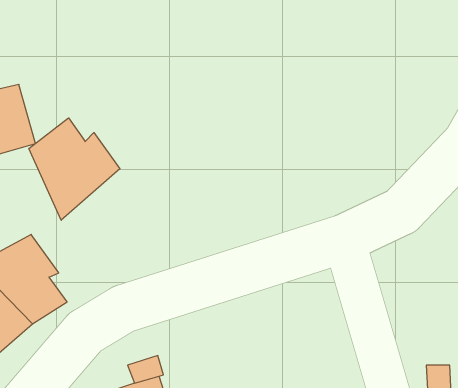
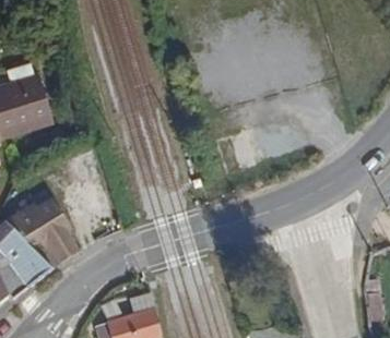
building: [29,118,120,220] -> none

